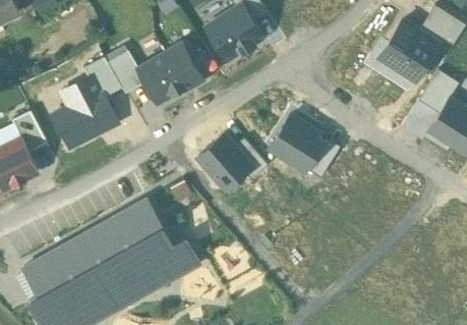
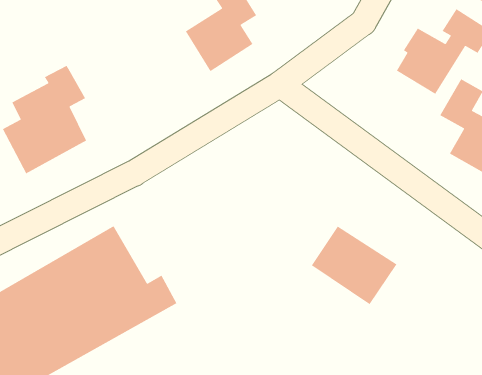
building: [107,40,205,105] -> none
building: [269,111,342,178] -> [311,226,398,305]
building: [196,129,267,187] -> none

